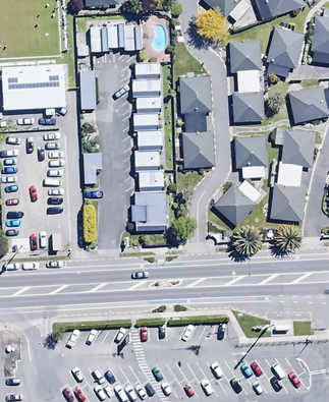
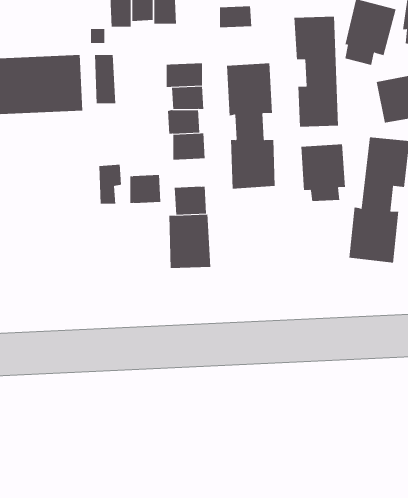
building: [136,60,161,76] -> [219,6,252,28]
building: [136,147,160,168] -> [130,175,161,203]
building: [211,181,261,227] -> none

